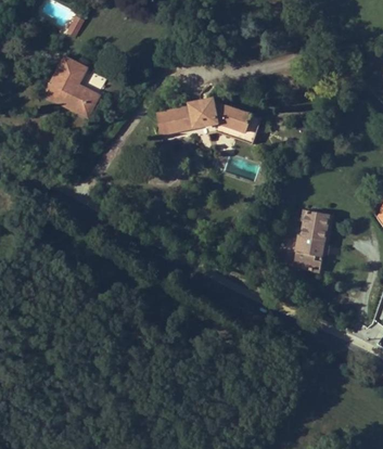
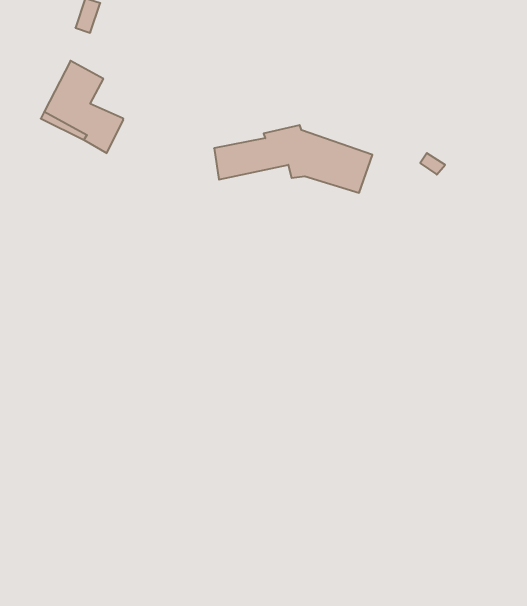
building: [293,210,327,271] -> none

